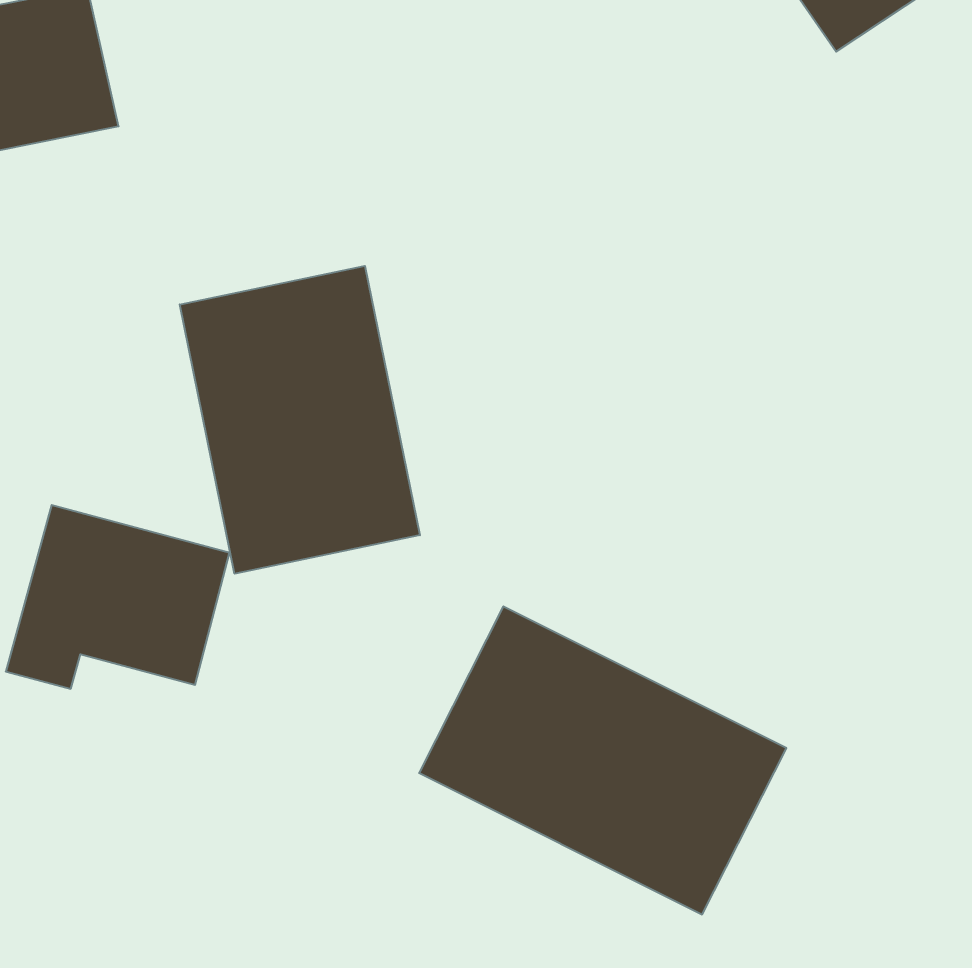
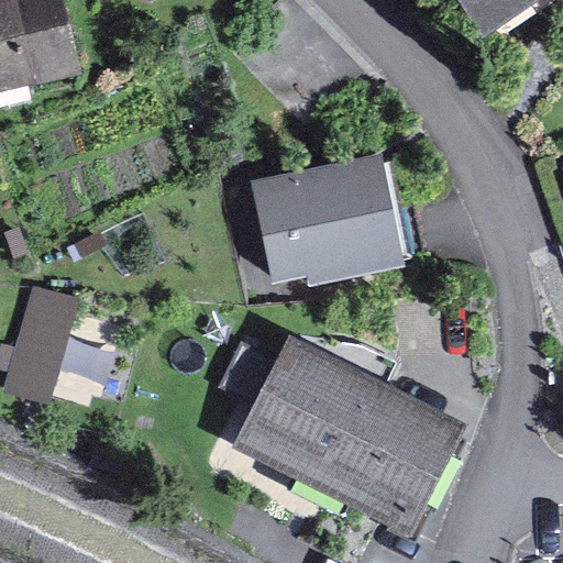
building: [180,266,420,574] -> none
building: none -> [256,164,396,280]

